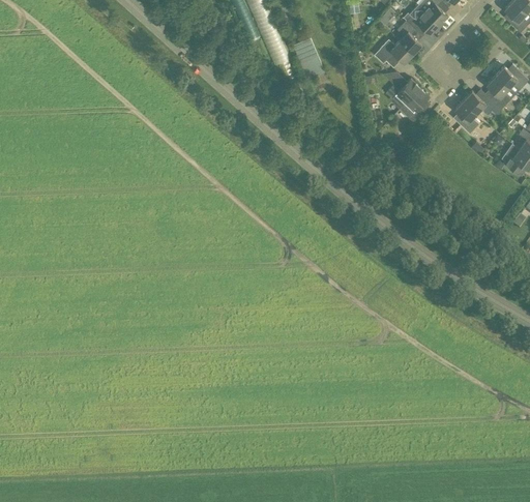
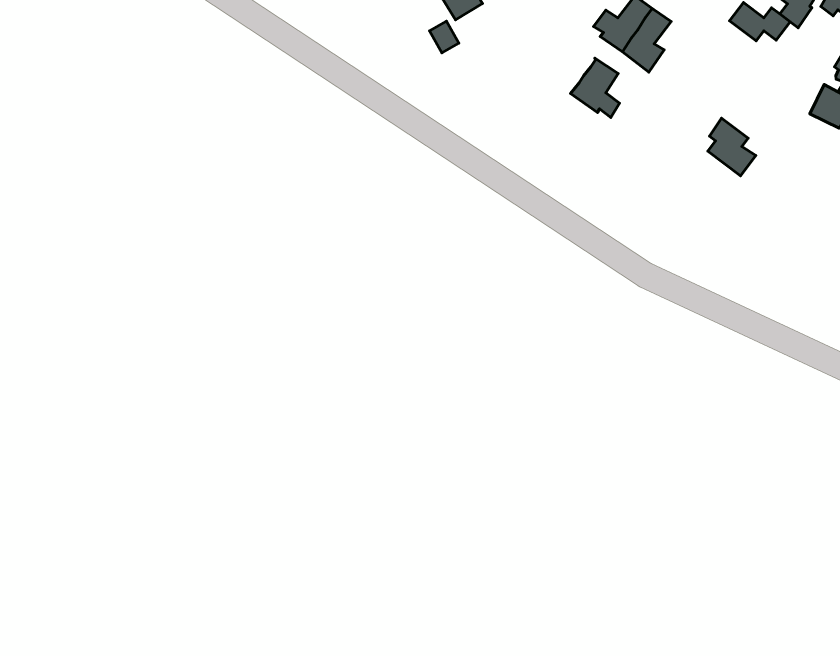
building: [454,99,481,134] -> [708,118,756,176]
building: none -> [571,58,620,117]

